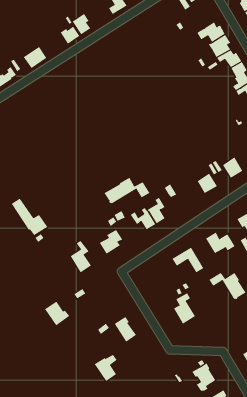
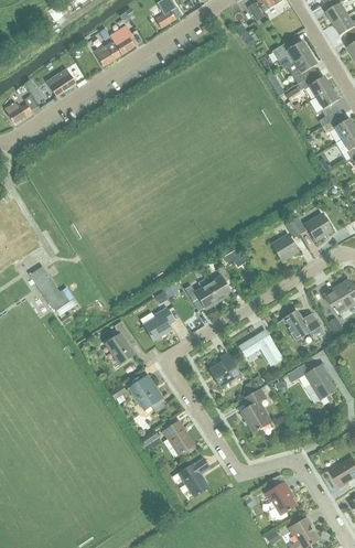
building: [104,177,150,205] -> none
building: none -> [209,352,239,385]
building: [44,301,70,326] -> [129,376,163,409]
building: [94,354,118,382] -> [179,459,209,495]

